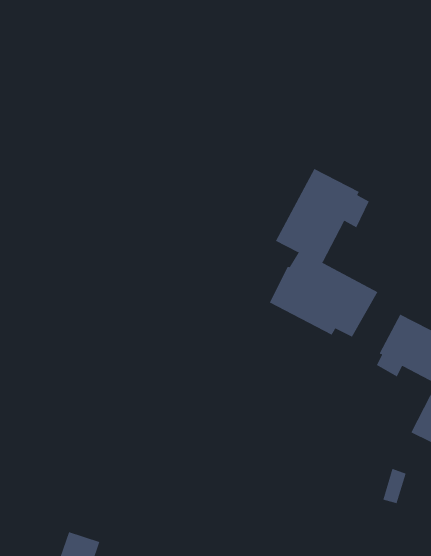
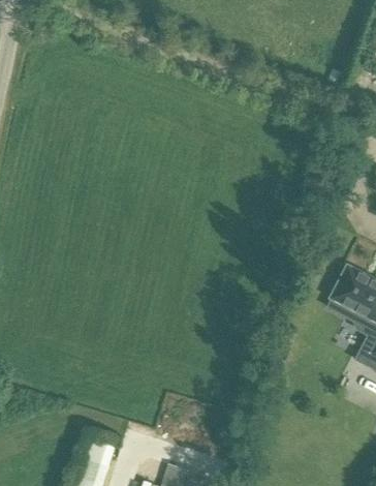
building: [269,168,378,338] -> none

